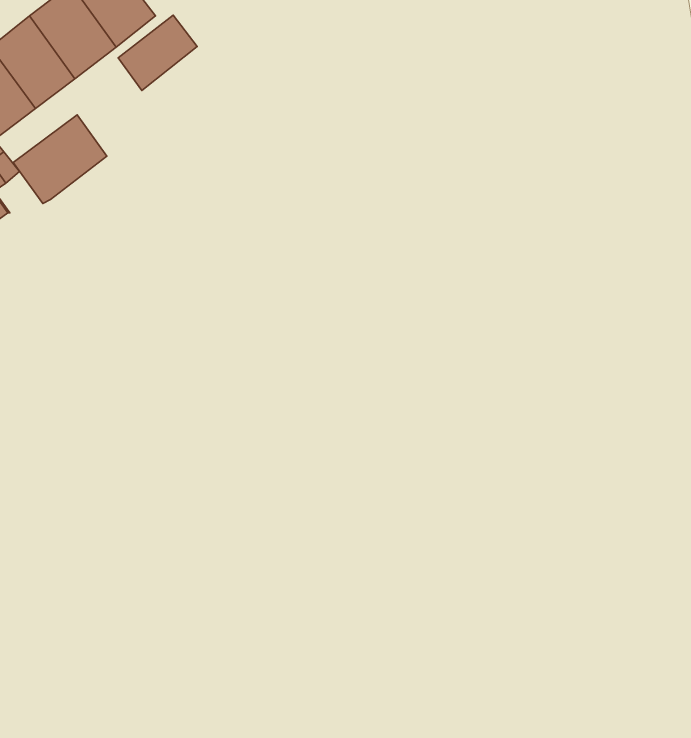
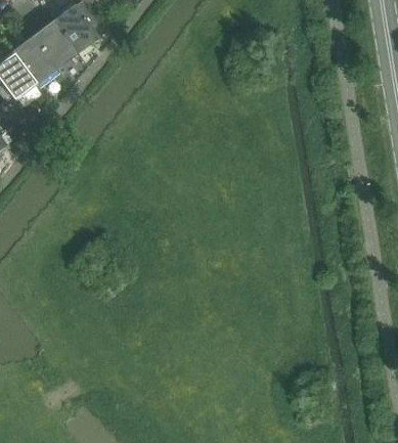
building: [118,15,197,91] -> none
building: [13,115,107,204] -> none

